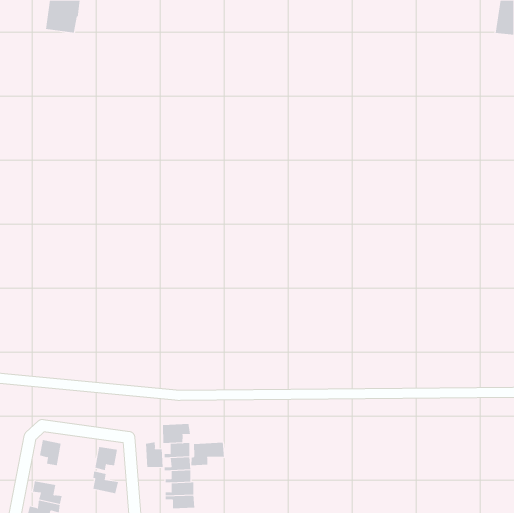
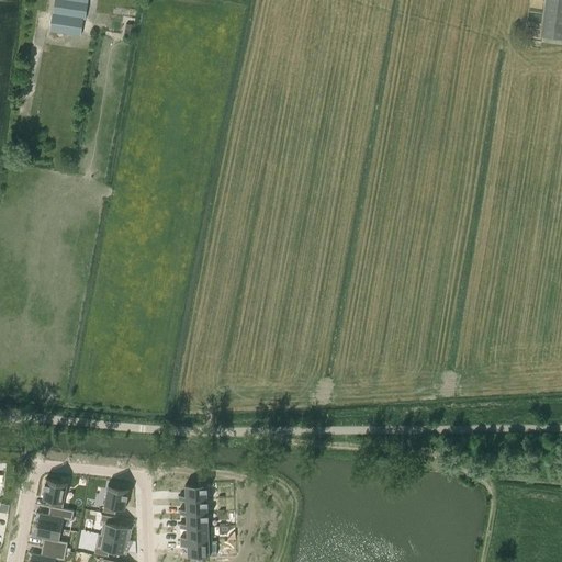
building: [163,423,190,444] -> none
building: [146,442,163,468] -> none
building: [191,442,225,466] -> none
building: none -> [37,507,75,530]
building: none -> [94,535,126,557]

